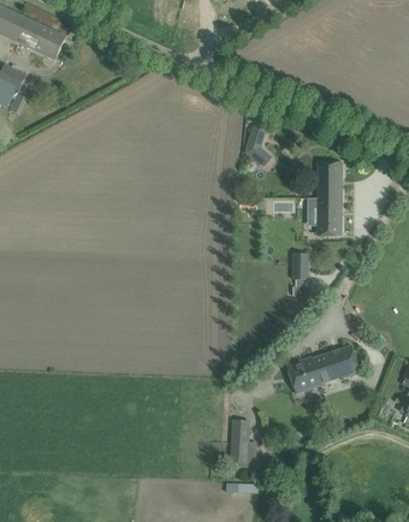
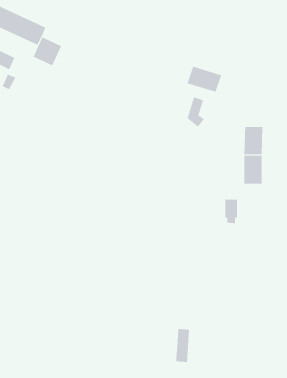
building: none -> [33,37,62,66]
building: none -> [187,66,222,93]
building: [285,345,360,393] -> none

